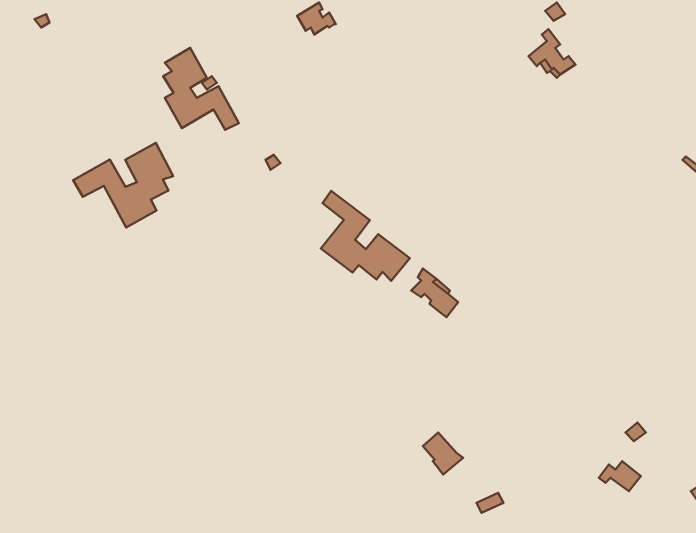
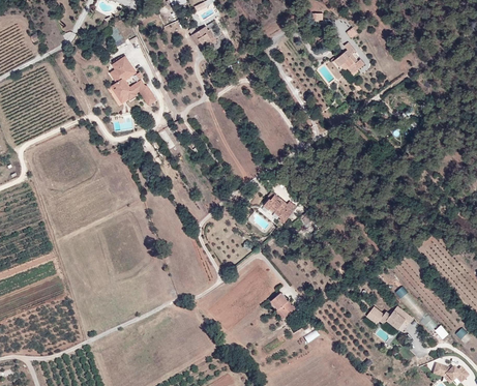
building: [73,143,173,227] -> none
building: [321,191,410,281] -> none

